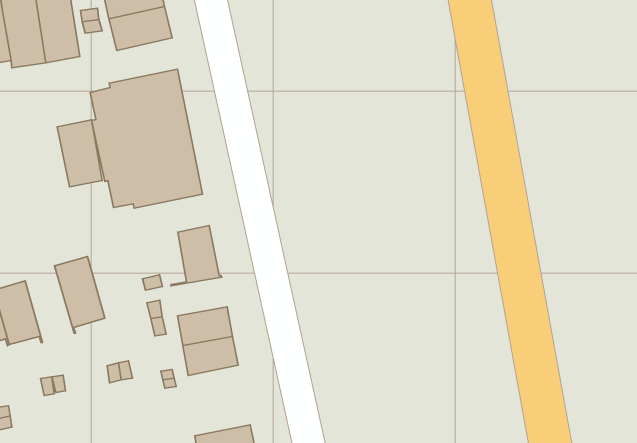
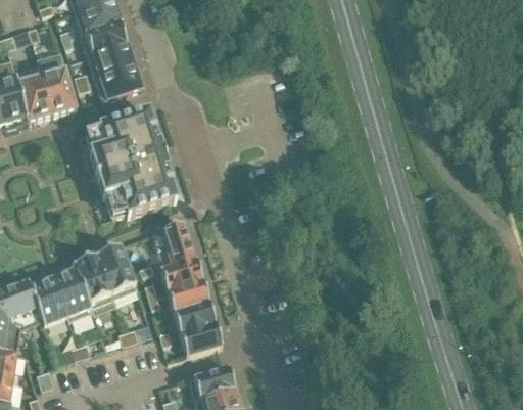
building: [57,120,102,187] -> none
building: none -> [96,243,137,297]
building: none -> [52,266,92,319]
building: none -> [159,257,202,289]
building: none -> [179,321,222,354]

